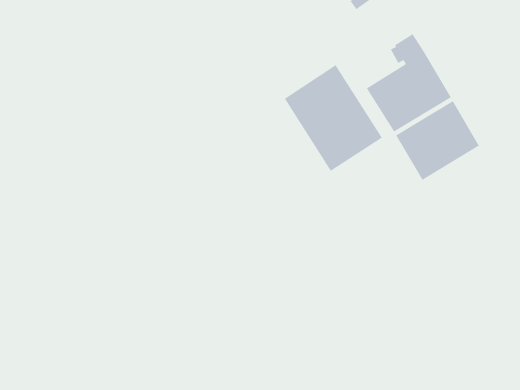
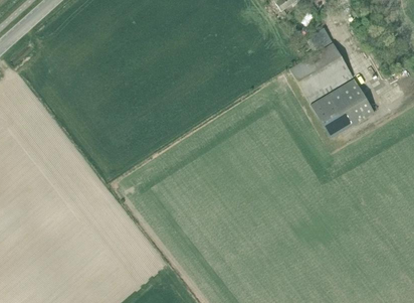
building: [284,64,383,172] -> none

